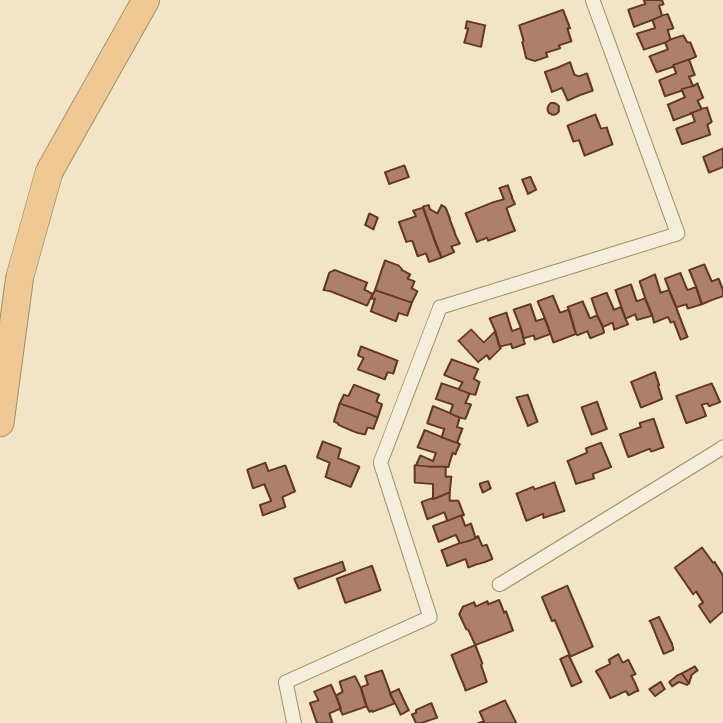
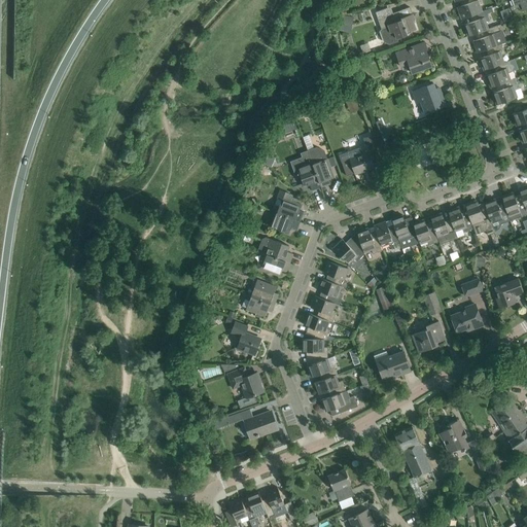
building: [323,270,373,305] -> [257,237,293,262]
building: [247,463,295,515] -> [229,371,264,409]
building: [460,600,513,645] -> none
building: [596,654,638,698] -> [438,421,469,453]

